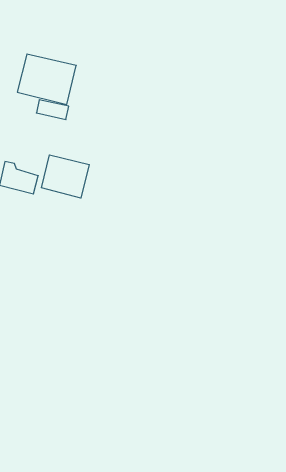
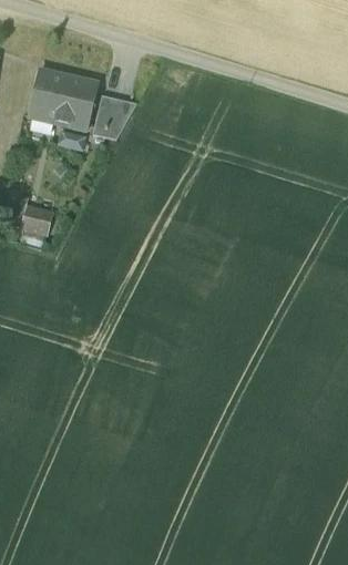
building: none -> [93,94,136,138]
building: [42,155,89,198] -> none

